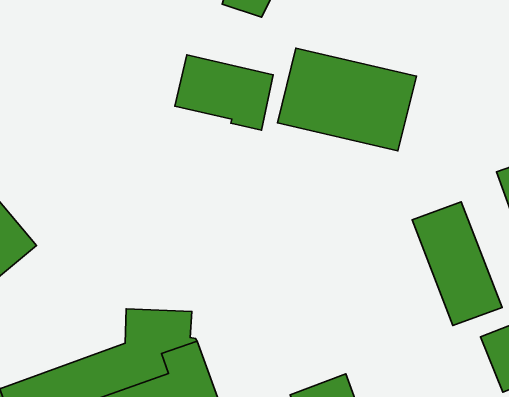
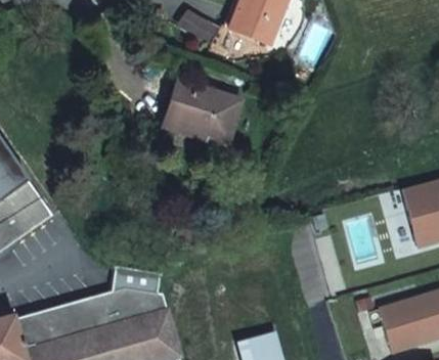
building: [277,48,416,151] -> none
building: [412,202,502,325] -> none

